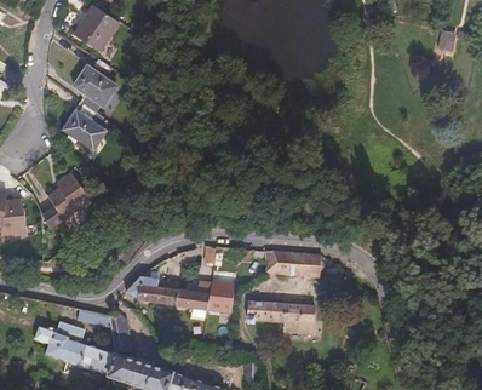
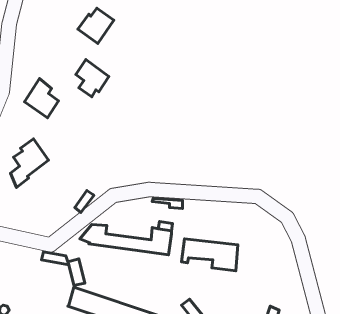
building: [69,13,113,56] -> [78,8,114,43]
building: [74,67,114,111] -> [76,59,109,97]
building: [265,251,322,275] -> none
building: [40,319,119,374] -> none

